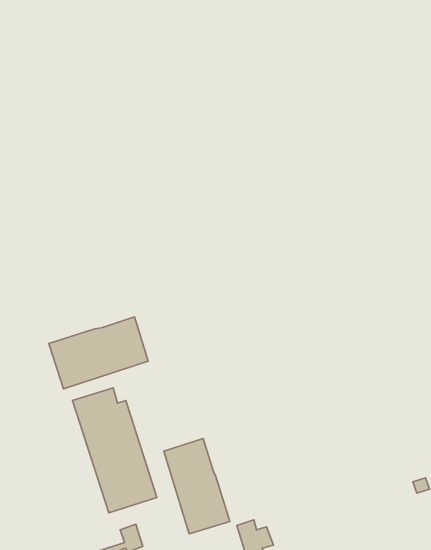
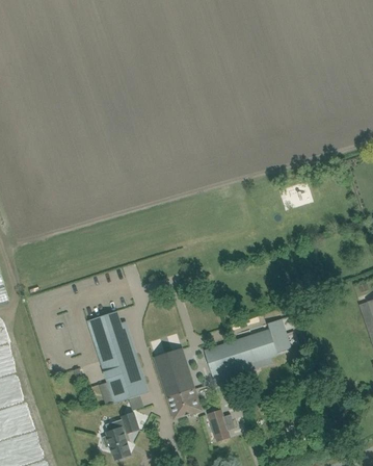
building: [49,317,148,389] -> none
building: none -> [205,319,290,377]

